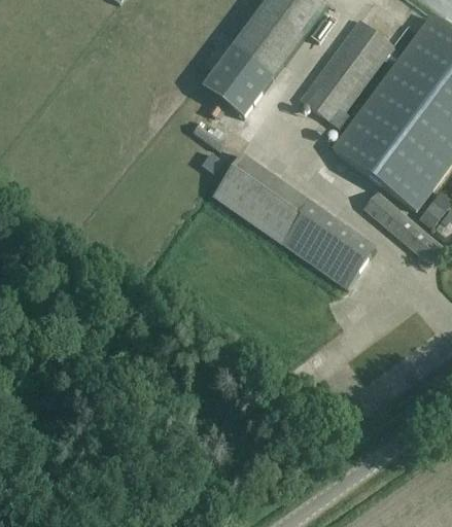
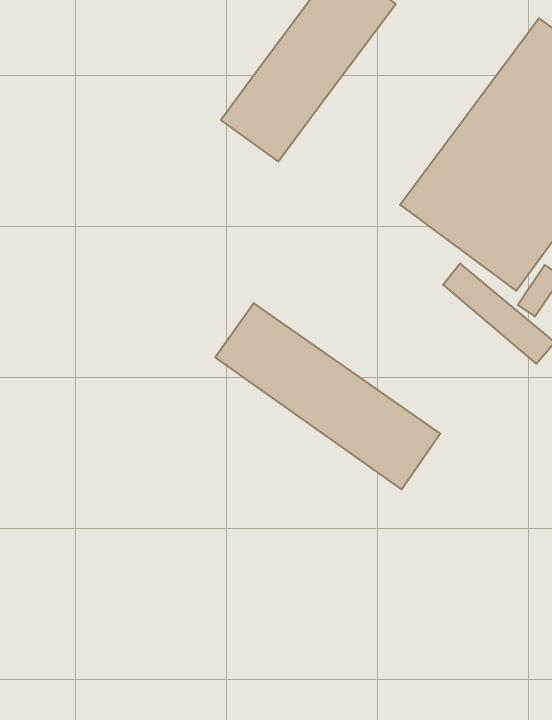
building: [301,20,393,122] -> none
building: [213,153,375,287] -> [215,303,440,489]

